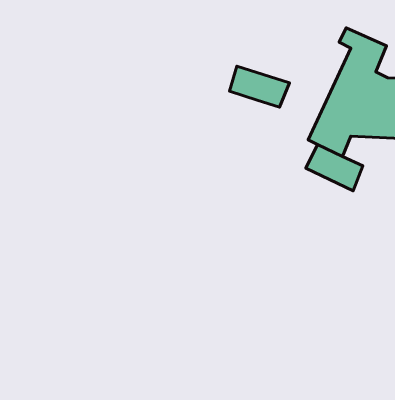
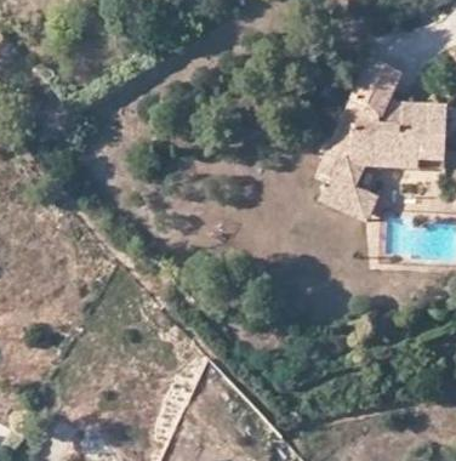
building: [229,66,290,107] -> none

